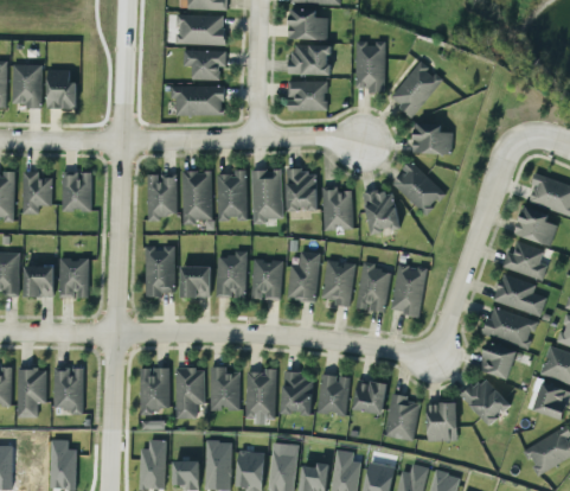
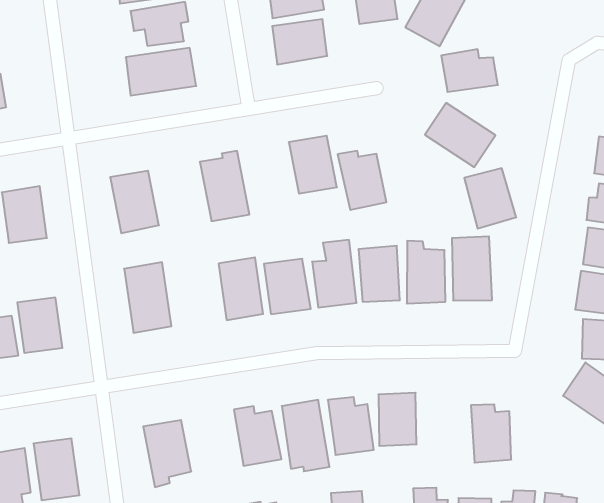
building: [251,170,282,224] -> none
building: [181,171,211,225] -> none
building: [364,191,398,234] -> [464,168,516,229]
building: [180,266,210,298] -> none
building: [174,369,204,419] -> none
building: [352,381,388,415] -> none
building: [427,402,456,441] -> none

